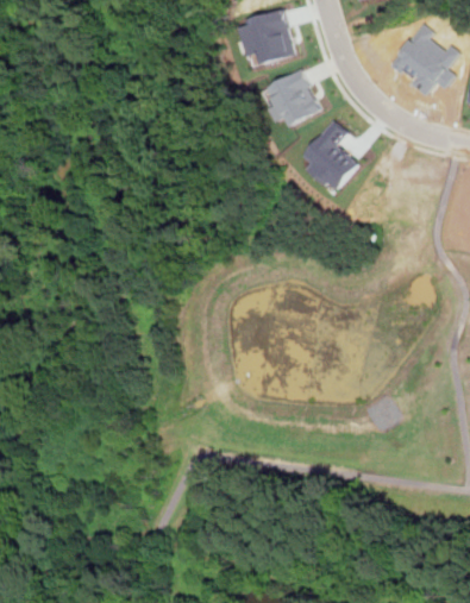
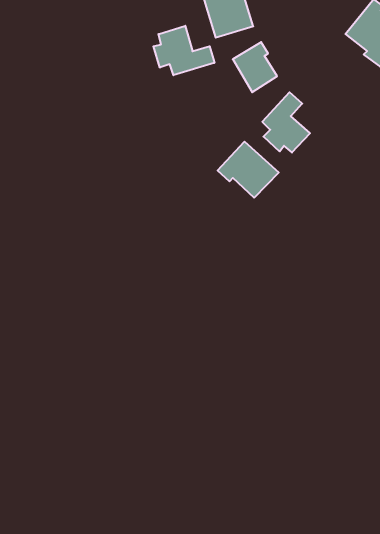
building: none -> [153,26,214,75]
building: none -> [218,142,279,198]

